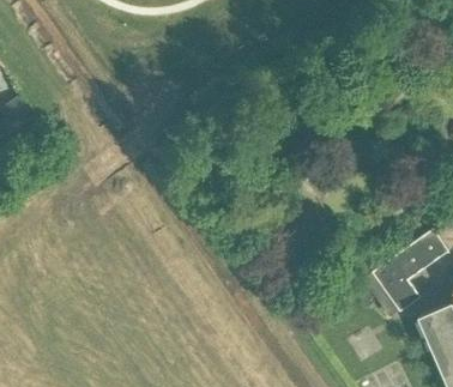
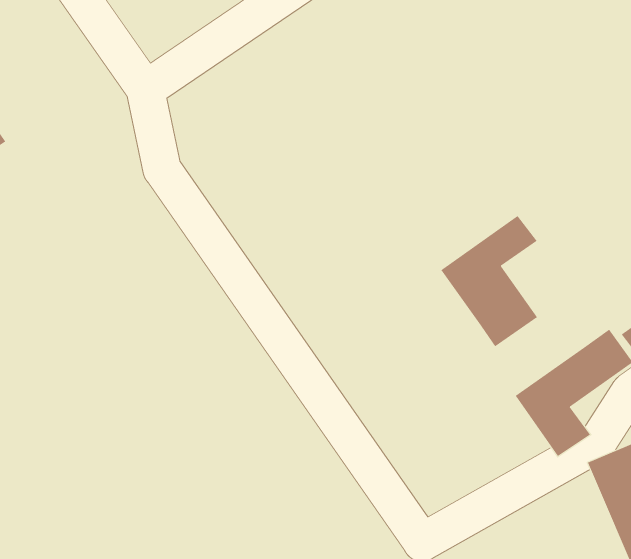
building: none -> [441,215,538,347]

